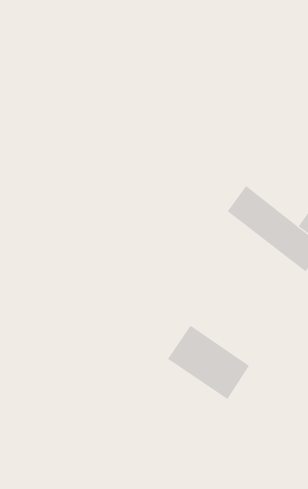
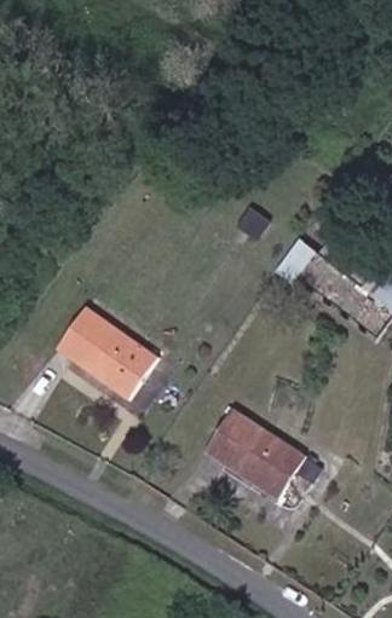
building: none -> [57,307,156,397]

